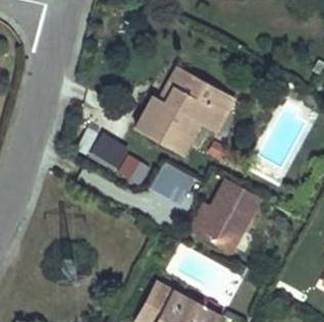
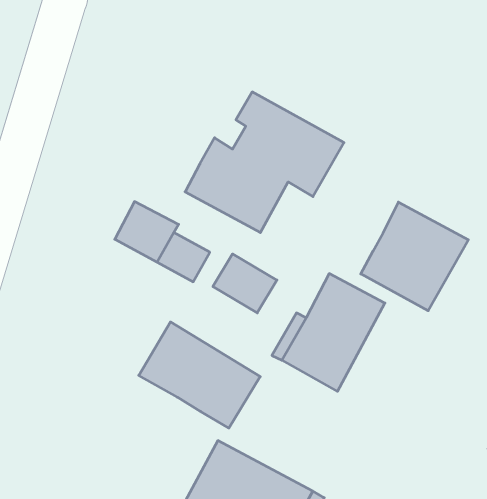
building: none -> [361,202,468,311]
building: none -> [139,322,260,428]

